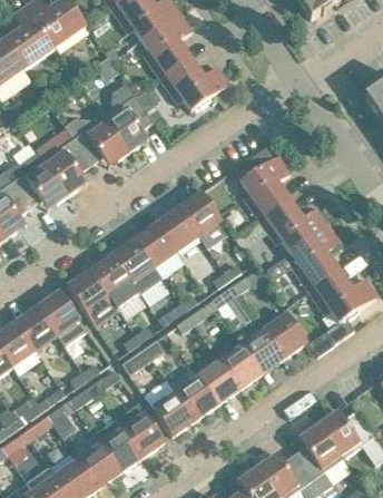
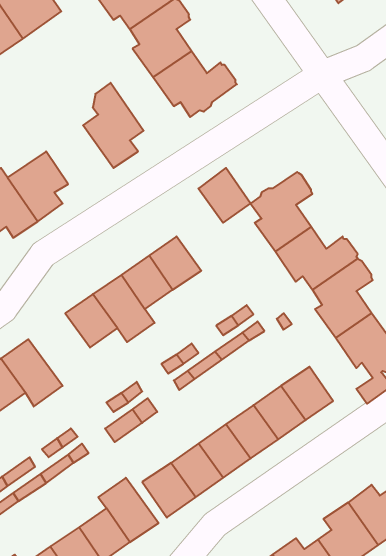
building: [66,117,129,166] -> none
building: [180,191,223,235] -> [198,168,251,223]
building: [68,270,118,325] -> none

